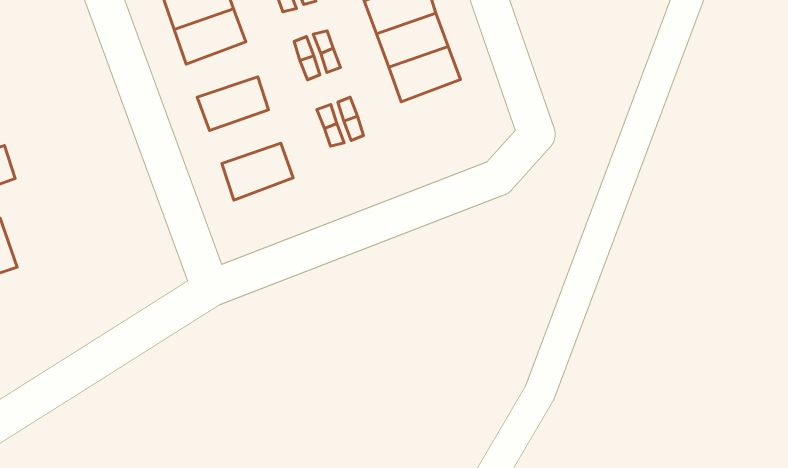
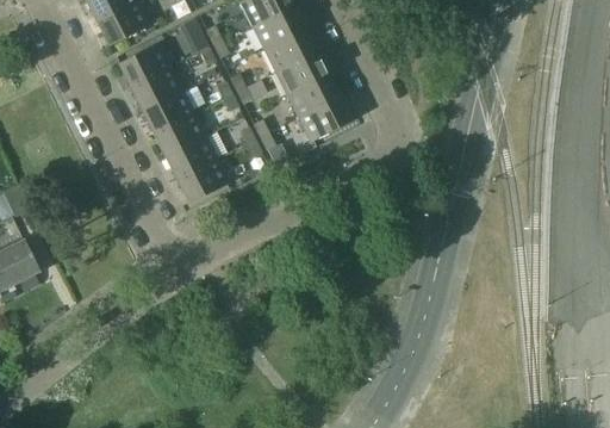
building: none -> [141,89,193,134]
building: none -> [298,97,350,142]
building: none -> [163,136,216,179]

